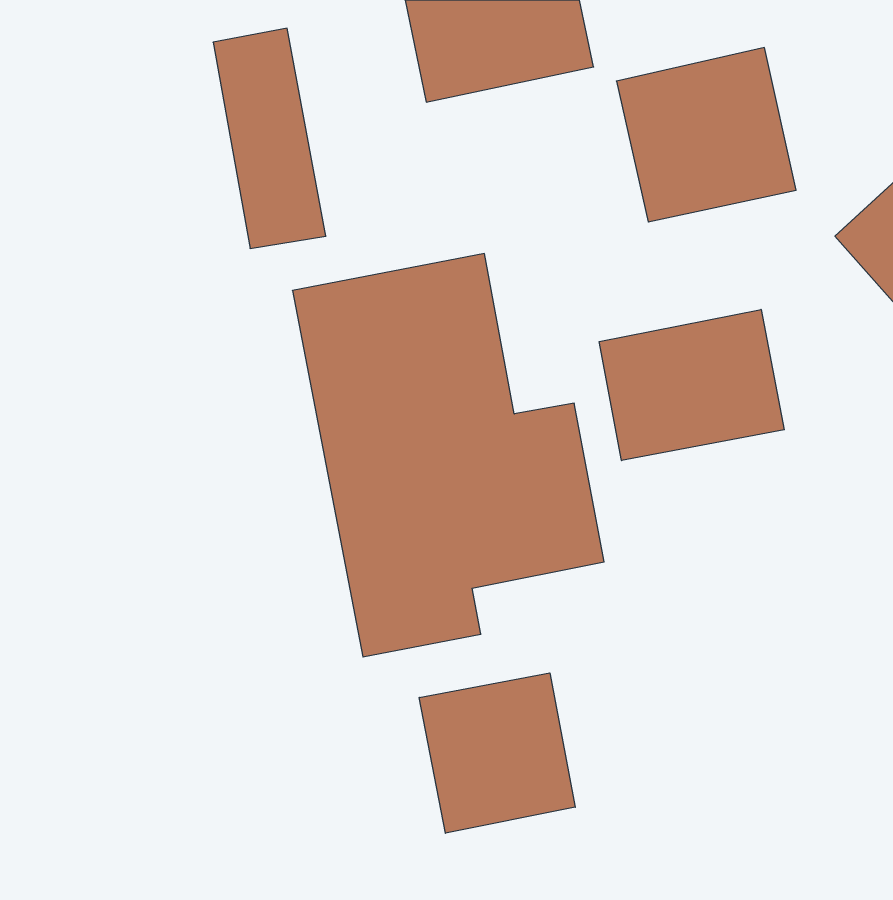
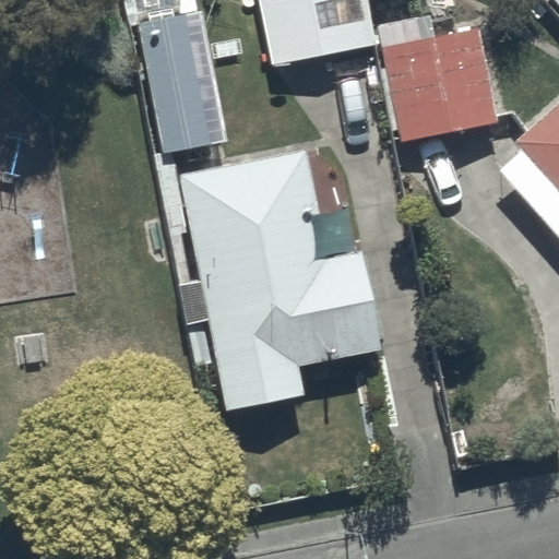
building: [599,309,784,461] -> none
building: [419,673,575,833] -> none

